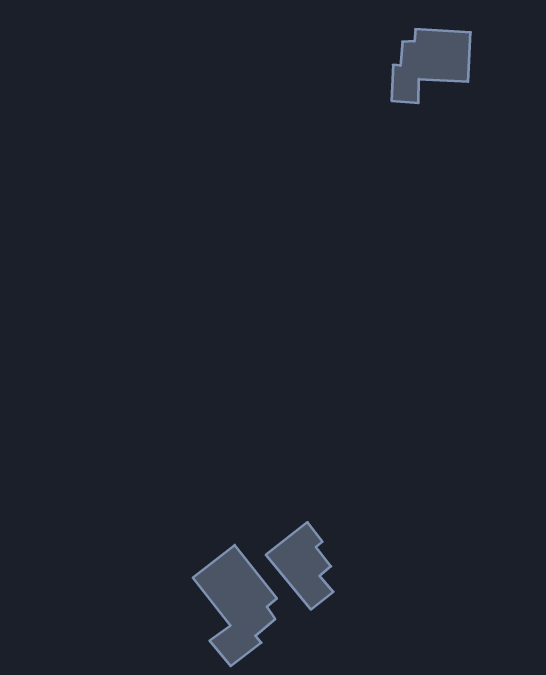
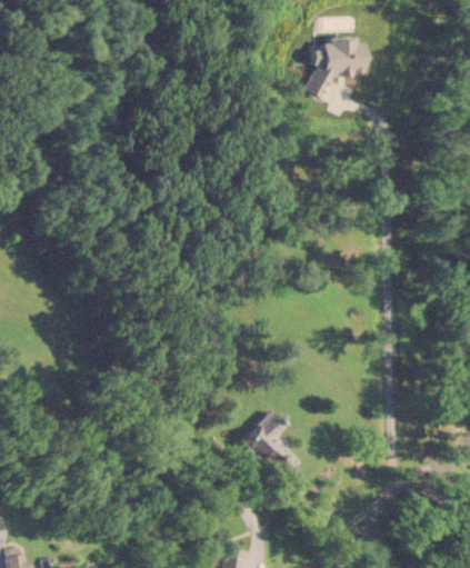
building: [193,545,277,666] -> none

